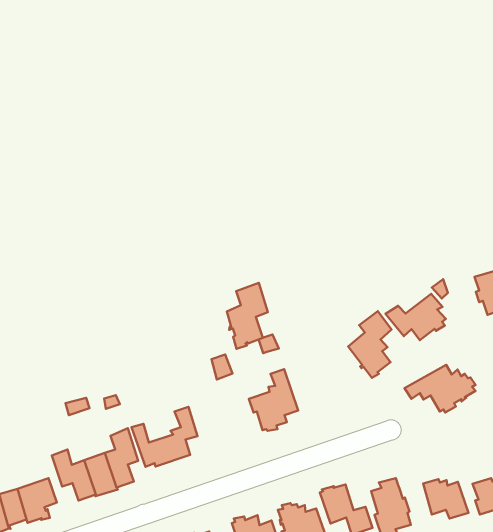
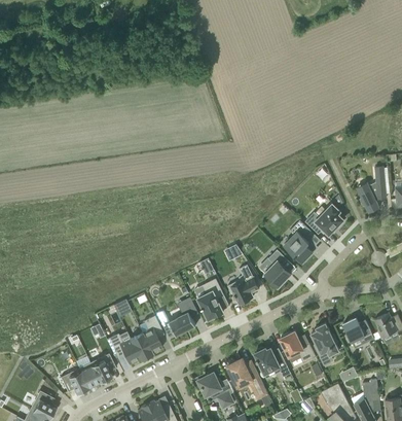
building: [227,283,268,349] -> [197,278,223,321]
building: none -> [265,251,292,287]
building: [405,365,476,413] -> none

